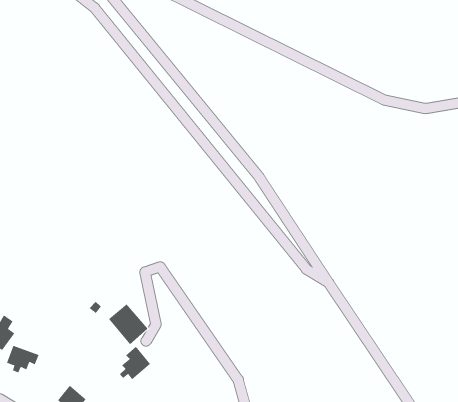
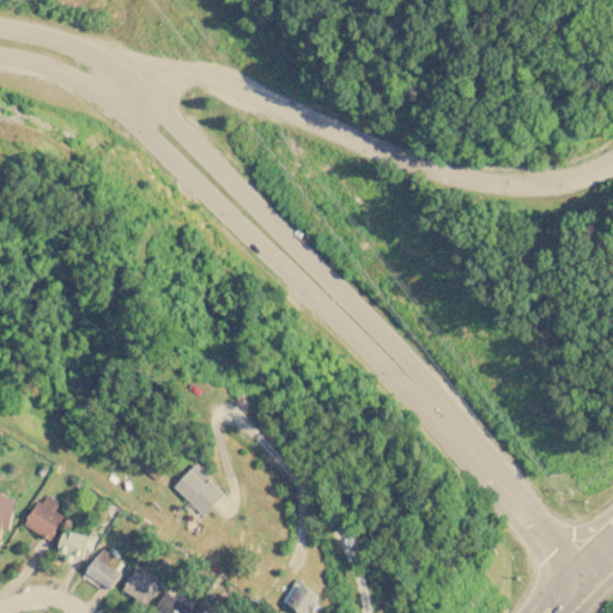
building: [119,346,151,380] -> none
building: none -> [86,548,127,588]

